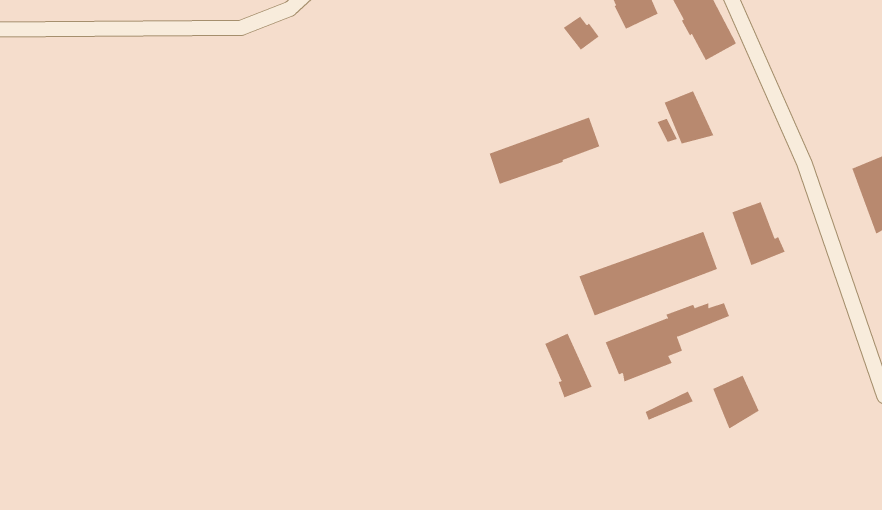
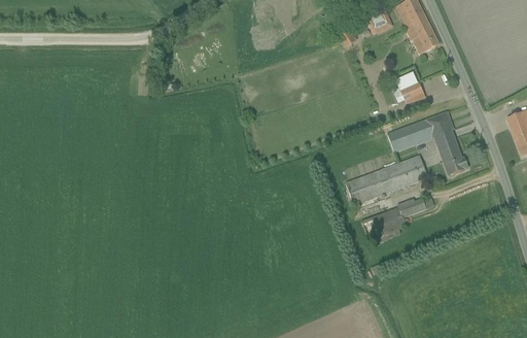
building: [489,117,600,185] -> [388,111,454,151]
building: [545,333,593,398] -> none
building: [712,375,759,430] -> none

